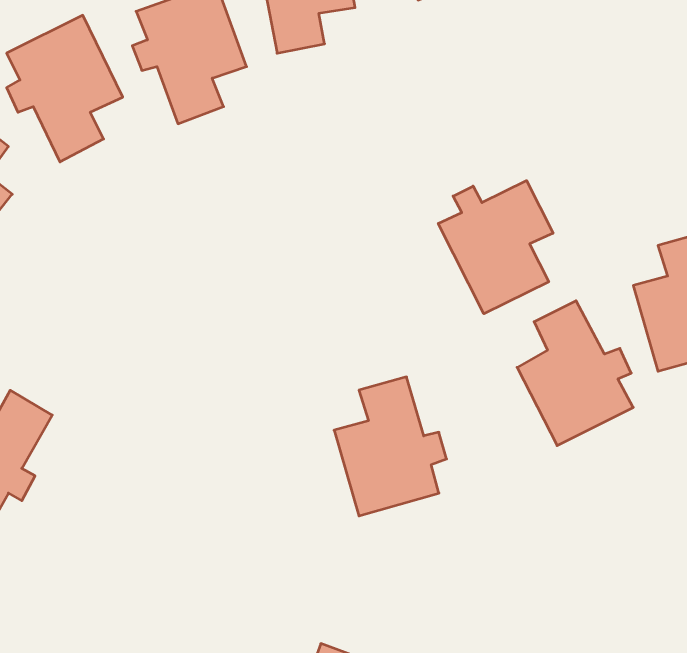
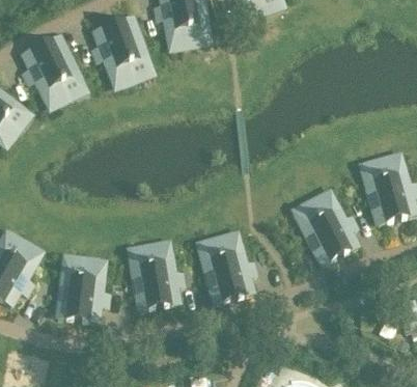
building: [438,181,553,314] -> none
building: none -> [128,237,187,309]
building: none -> [53,253,110,322]

